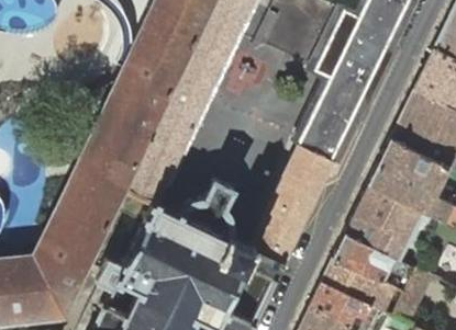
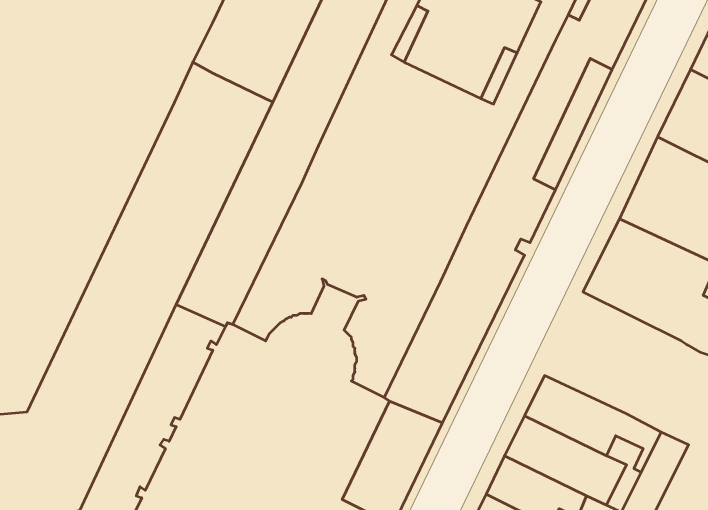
building: [345,183,431,257] -> none

